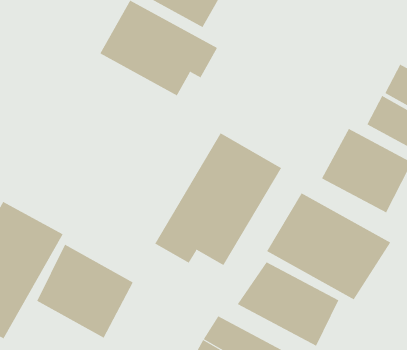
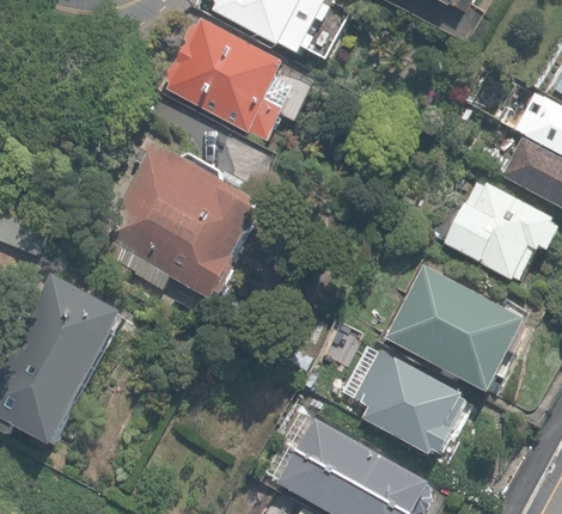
building: none -> [94,135,257,289]
building: [155,133,282,266] -> none
building: [36,244,134,339] -> none

